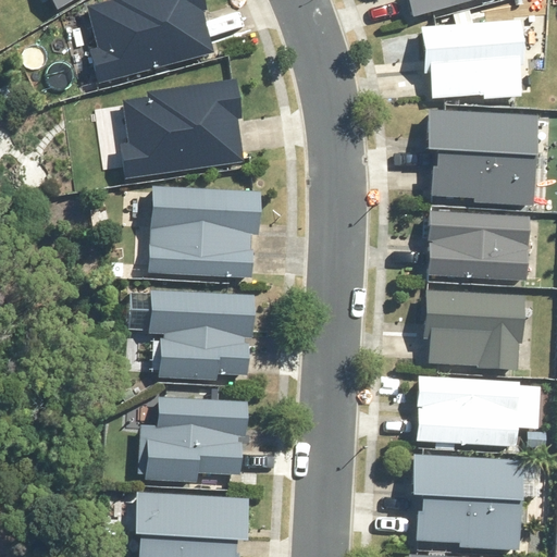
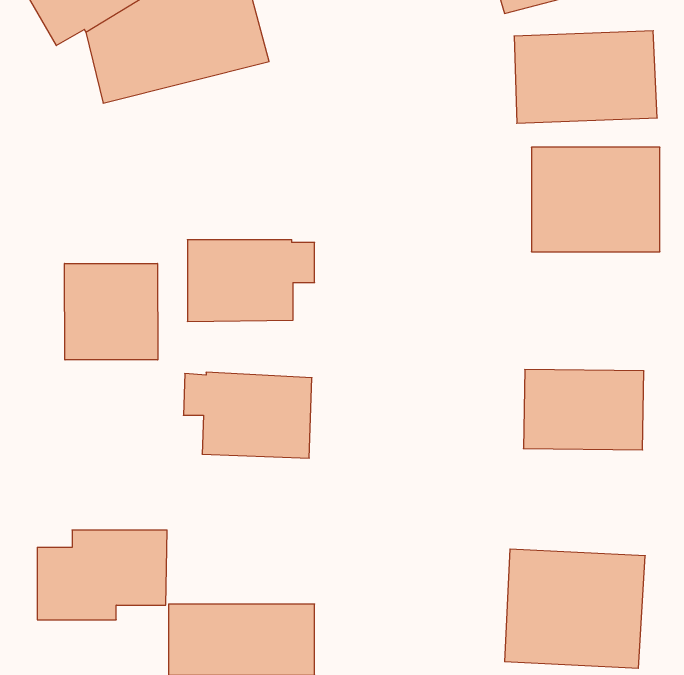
building: [114,78,247,180] -> none
building: none -> [65,263,158,360]
building: [425,220,529,280] -> none
building: [414,383,528,451] -> none
building: [146,399,251,472] -> [37,530,167,620]

